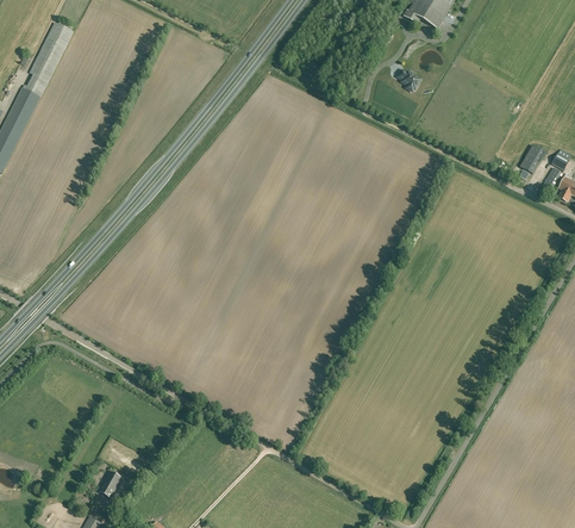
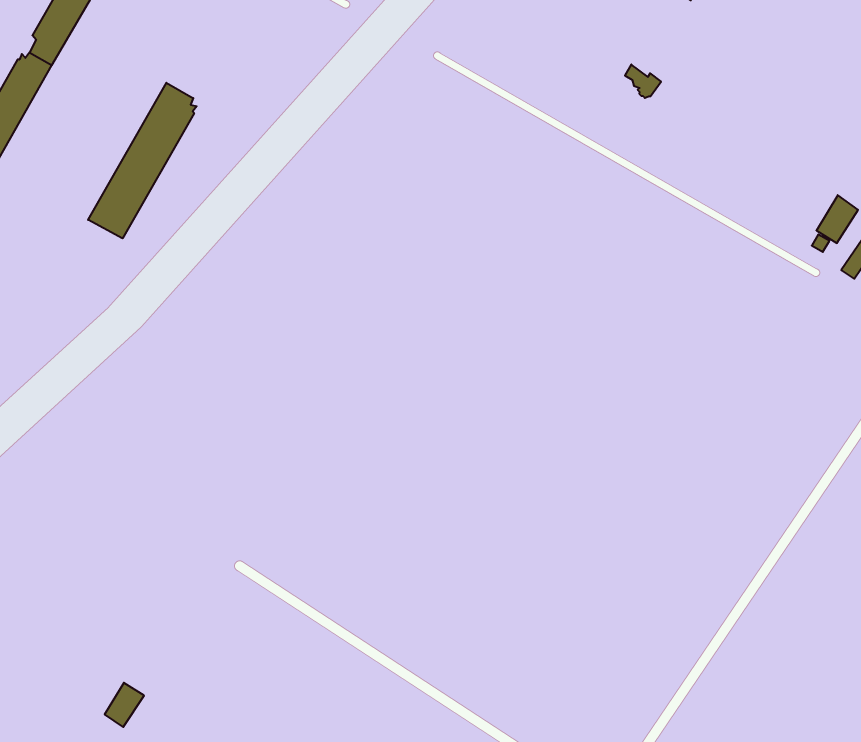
building: none -> [88,83,197,238]

